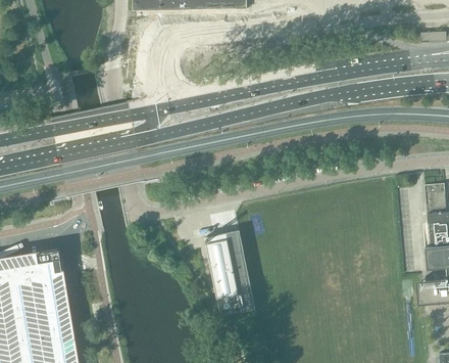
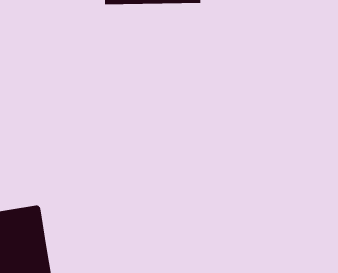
building: [205,230,255,312] -> none

